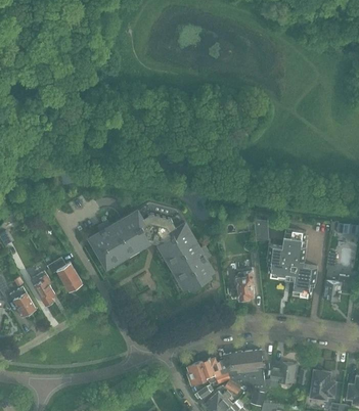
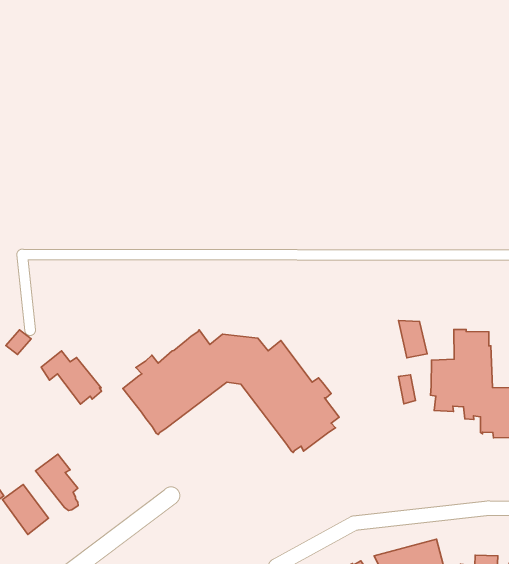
building: [47,259,81,291] -> [41,351,102,404]
building: [235,272,255,304] -> none

